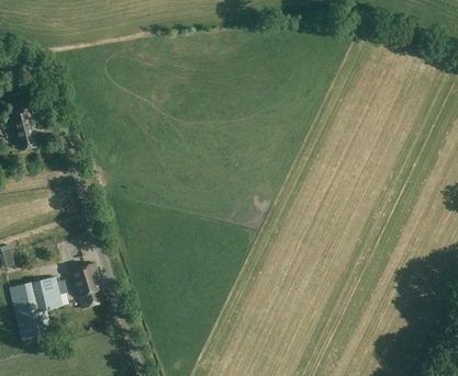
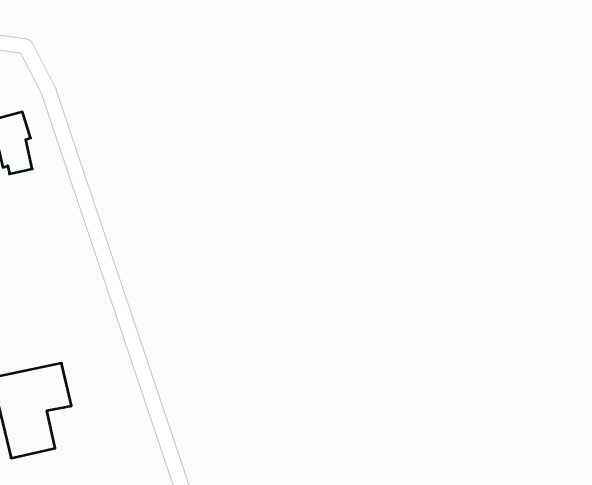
building: [69,262,102,308] -> none

